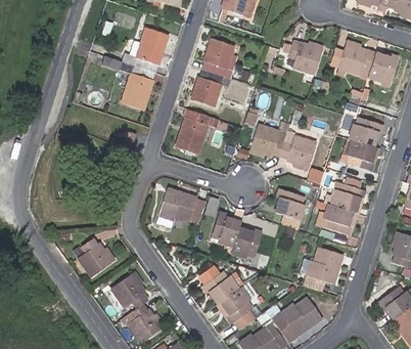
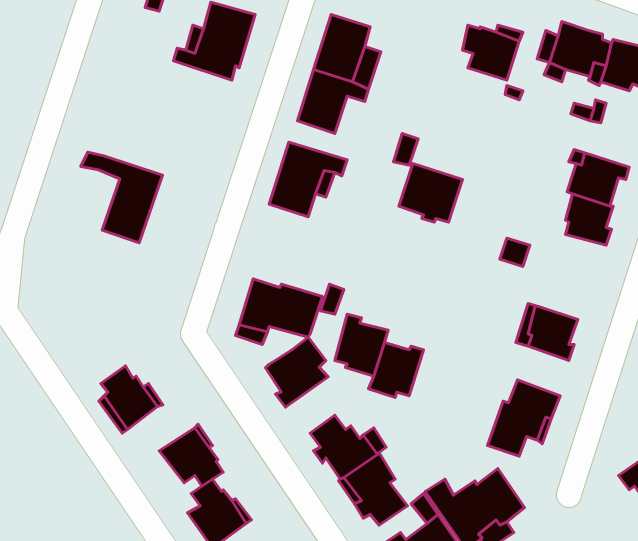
building: [107,61,154,114] -> [81,152,162,243]
building: [279,134,317,166] -> none
building: [332,185,367,213] -> none
building: [278,189,306,221] -> none
building: none -> [266,337,328,407]

